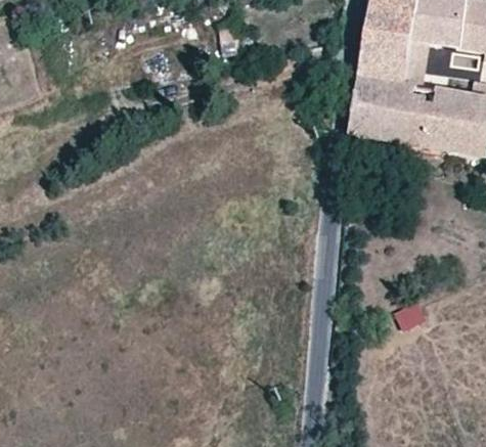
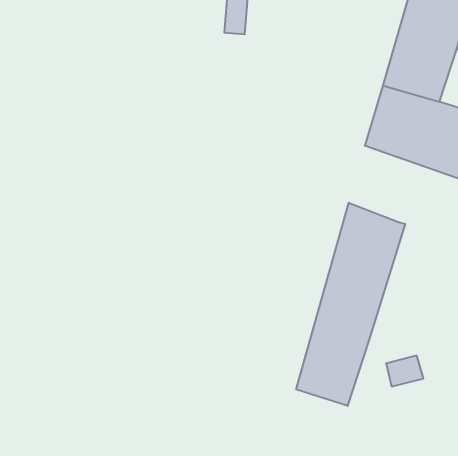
building: none -> [296,203,405,406]

